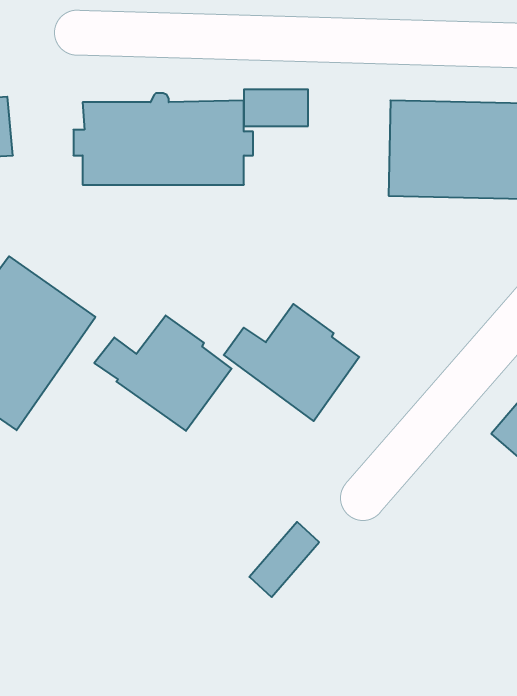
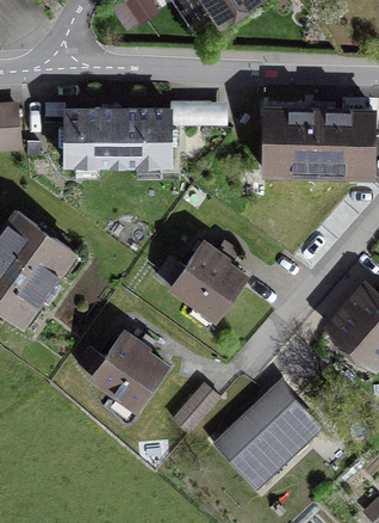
building: [94,315,232,431] -> [77,333,167,408]
building: none -> [212,387,323,491]

